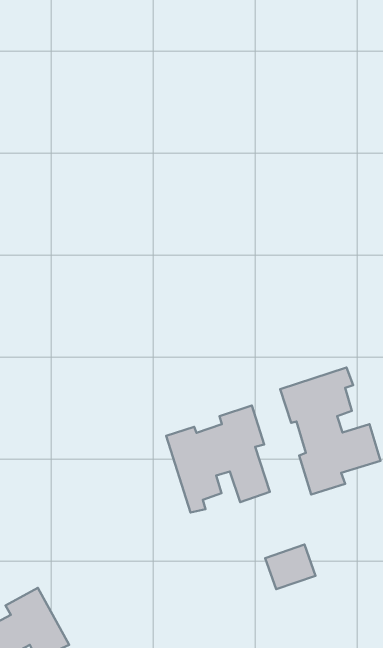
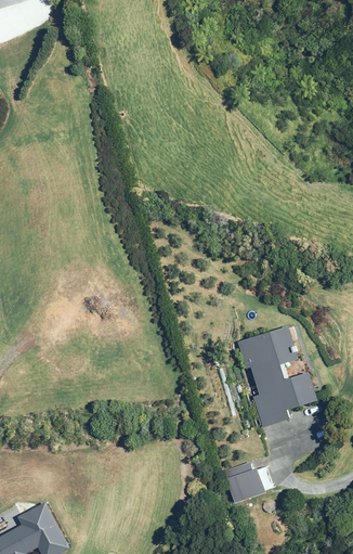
building: [166,405,270,513] -> none

